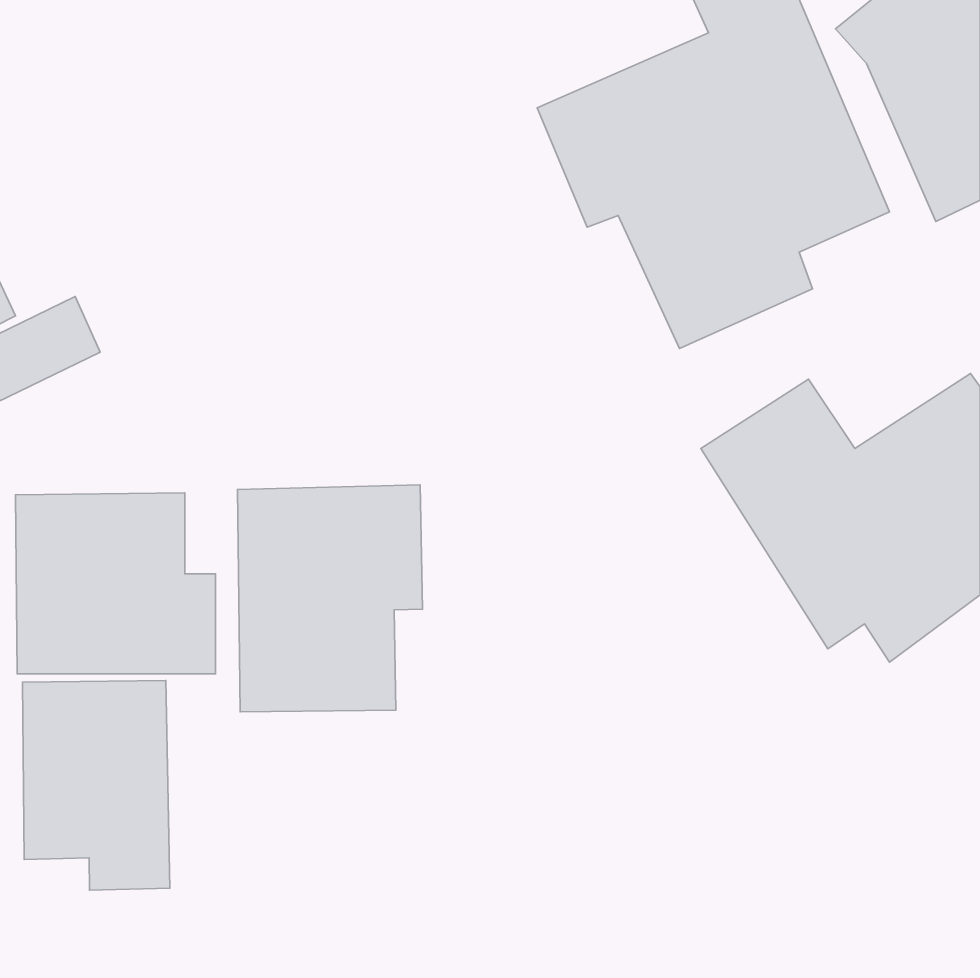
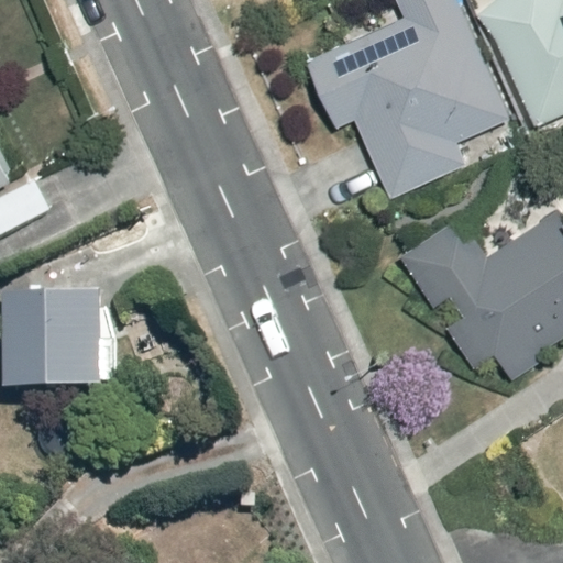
building: [238,485,422,712] -> none
building: [22,681,170,890] -> none

